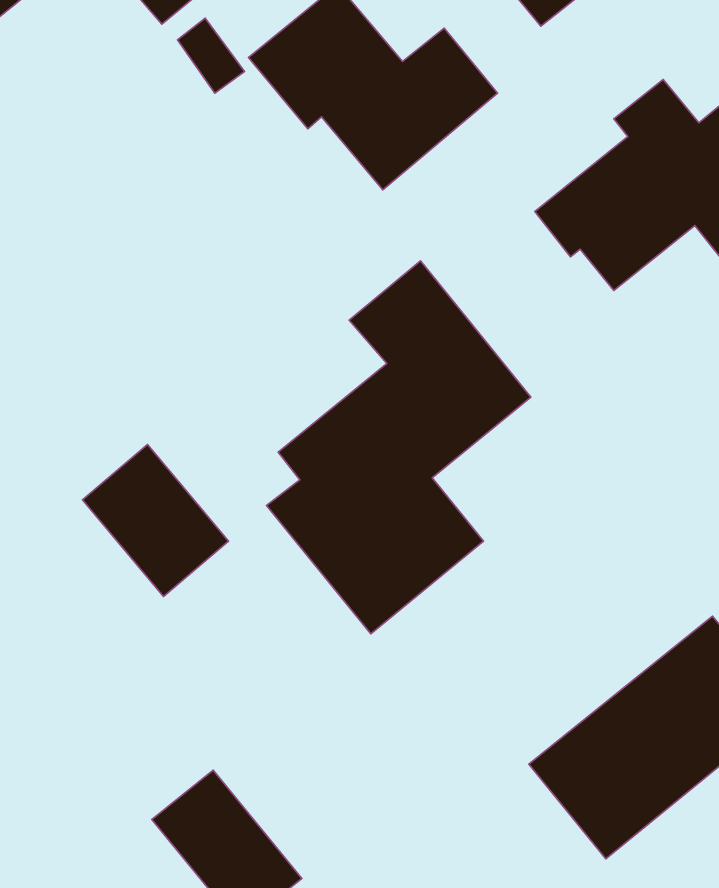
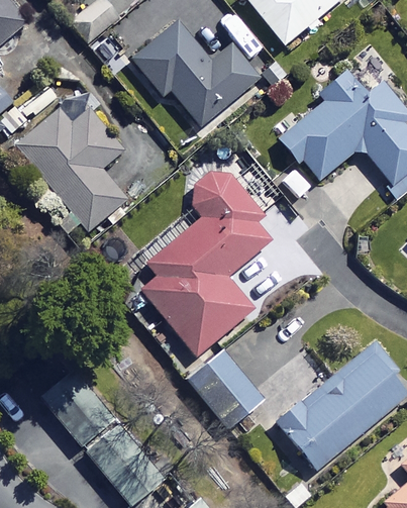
building: none -> [16,108,127,230]
building: [82,444,229,596] -> [38,368,113,445]
building: none -> [188,349,263,426]

